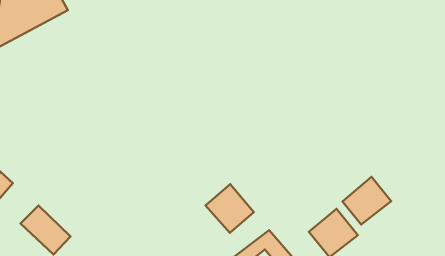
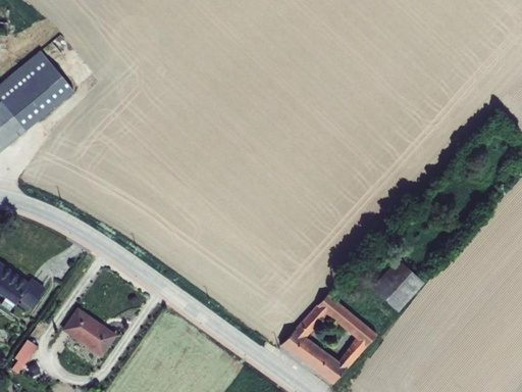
building: [342,177,391,225] -> none
building: [205,184,254,233] -> none

